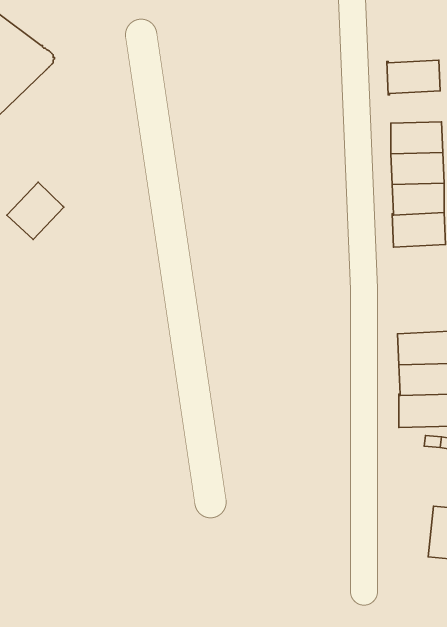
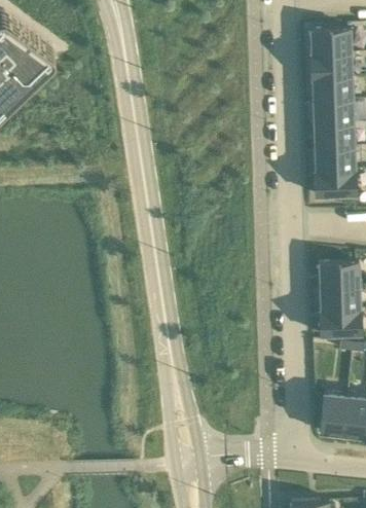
building: none -> [310,32,351,58]
building: none -> [313,79,353,104]
building: [7,182,64,239] -> none
building: none -> [320,396,346,438]

